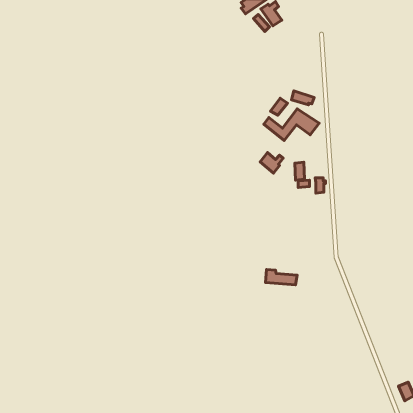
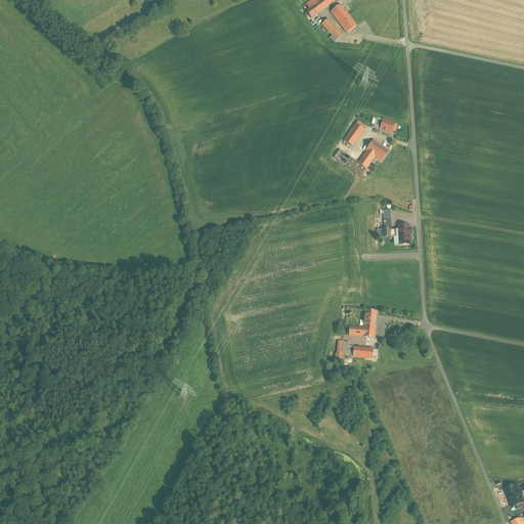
building: [260,153,283,173] -> none
building: none -> [348,308,378,336]

